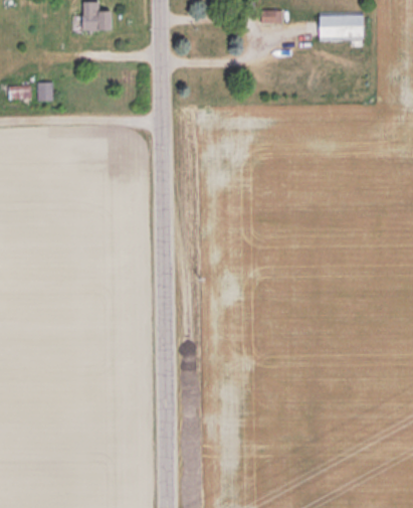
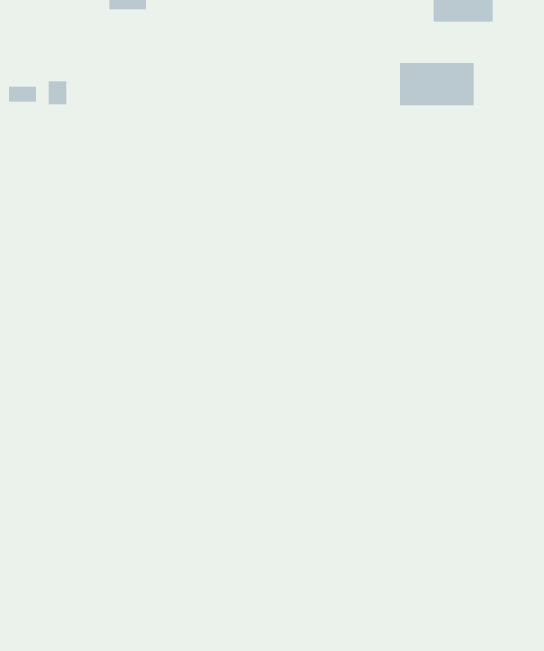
building: none -> [399,62,474,106]

